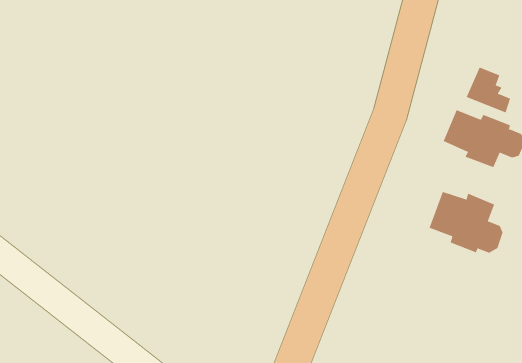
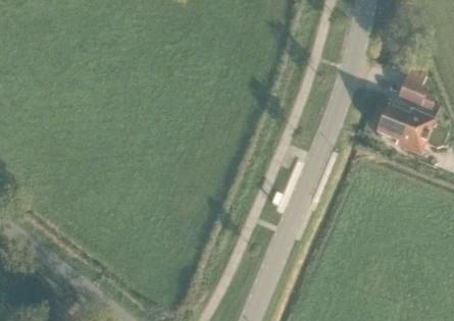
building: [429,191,503,253] -> none

